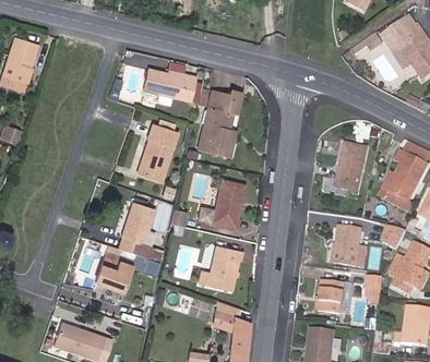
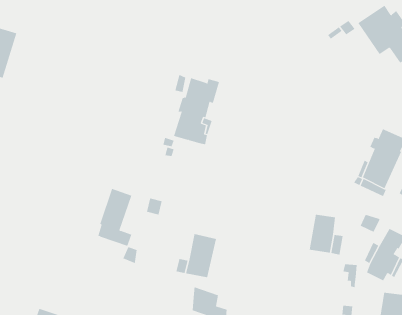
building: [143,69,193,104] -> none
building: [136,125,176,182] -> none
building: [336,145,365,193] -> none
building: [198,182,242,228] -> none
building: [93,245,132,292] -> none
building: [316,283,343,316] -> none

